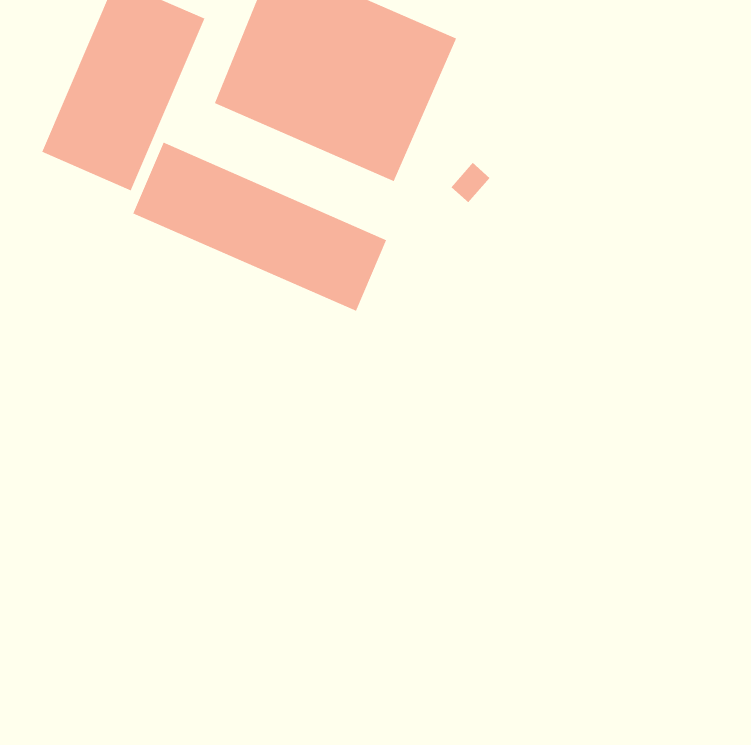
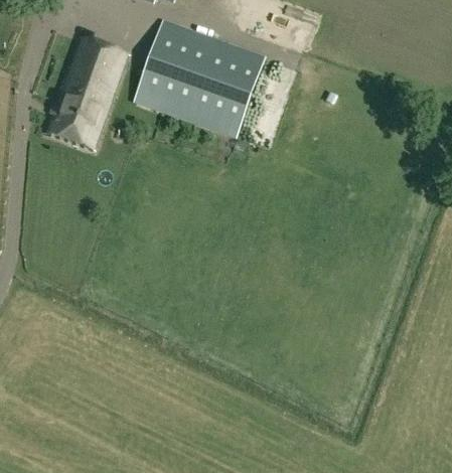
building: [132,142,387,312] -> none

